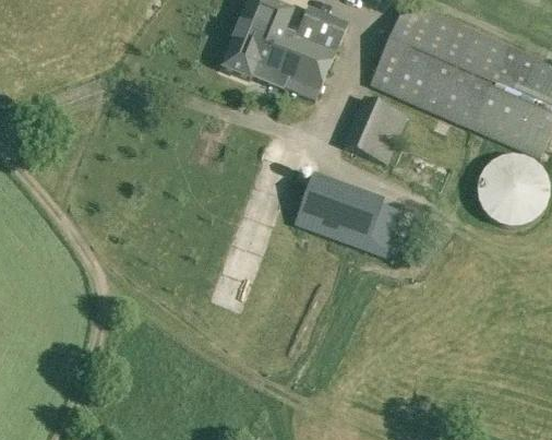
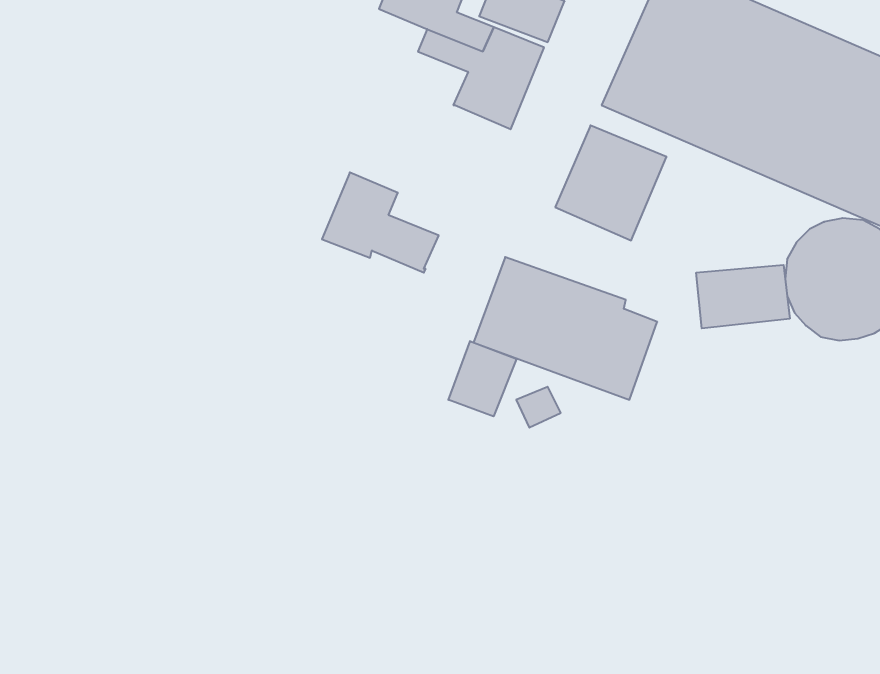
building: [223,27,291,86] -> [322,172,439,273]
building: none -> [696,265,790,328]
building: none -> [448,341,517,416]

